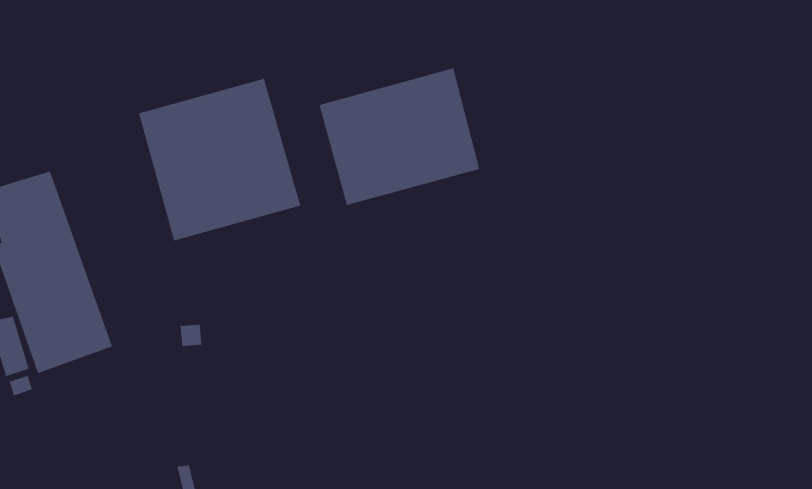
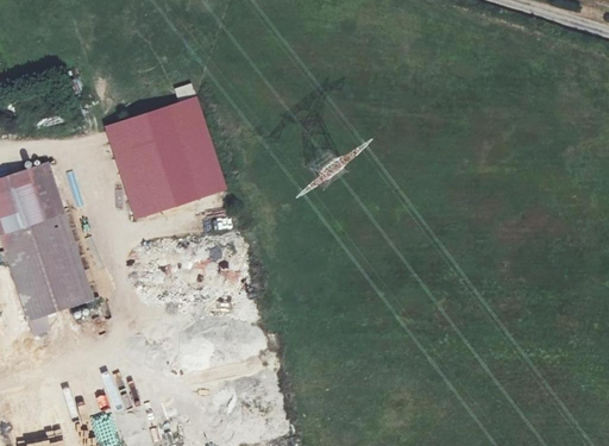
building: [319,67,480,206] -> none

